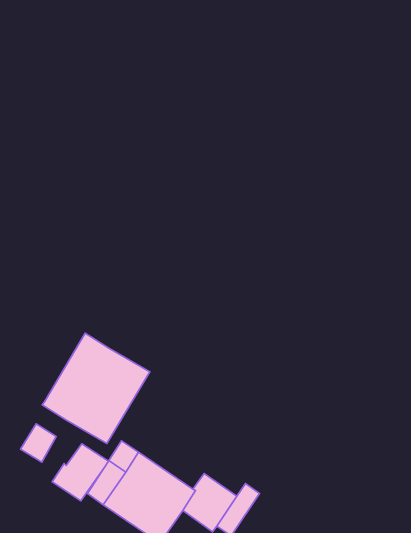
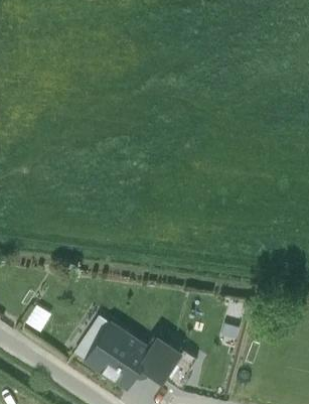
building: [42,333,150,444] -> none
building: [52,444,108,501] -> none

